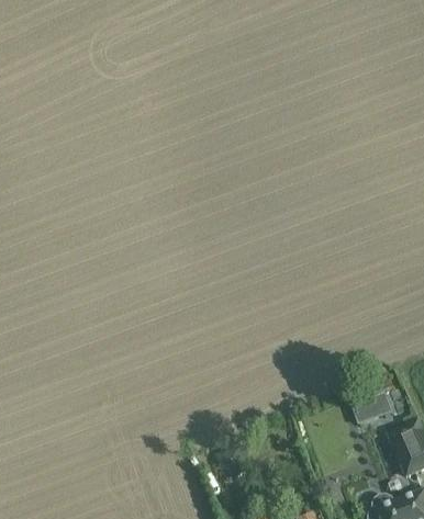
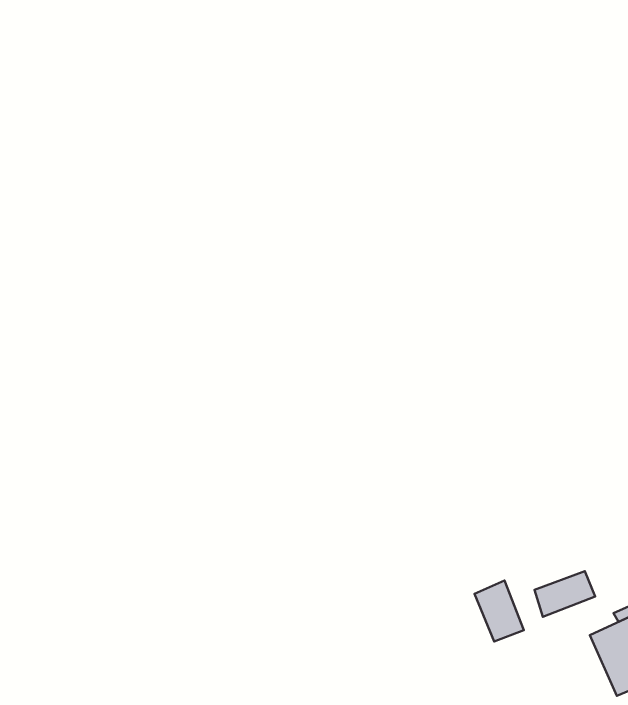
building: none -> [475,580,524,642]

